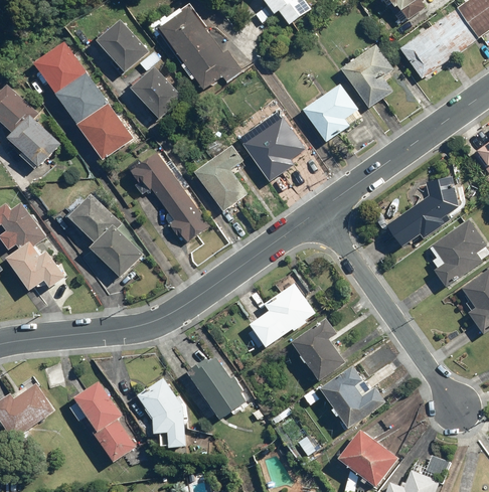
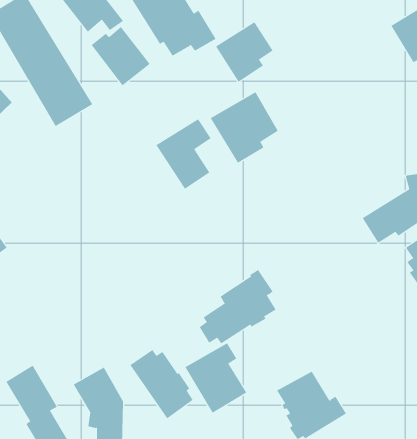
building: [339,45,393,110] -> none
building: [302,86,355,142] -> [215,22,274,82]
building: [127,154,208,247] -> none
building: [68,193,143,279] -> none
building: [288,318,346,383] -> [185,342,247,413]

